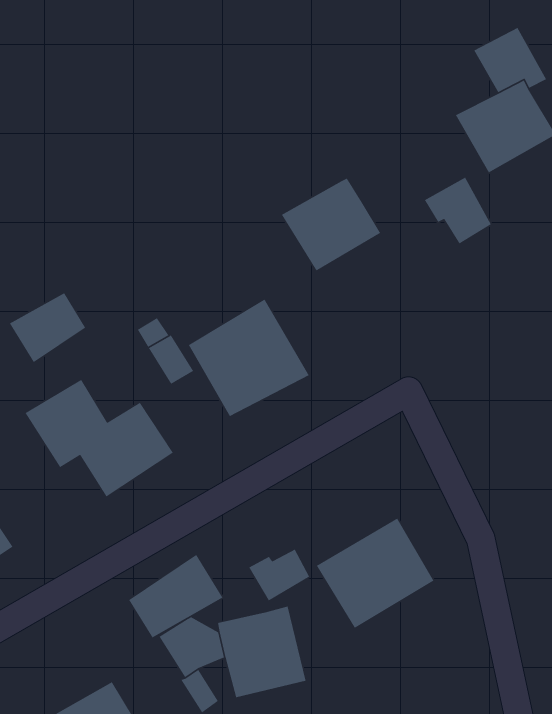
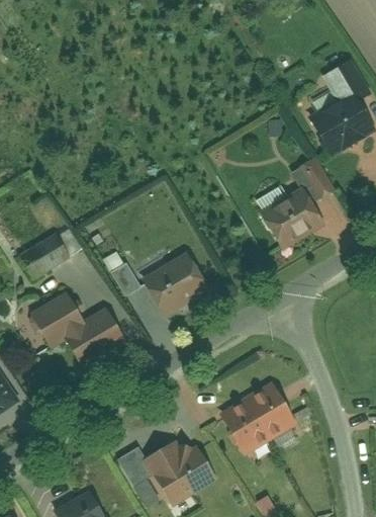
building: [281,177,381,272] -> [260,186,325,248]
building: [248,549,310,602] -> none
building: [128,554,224,638] -> none

